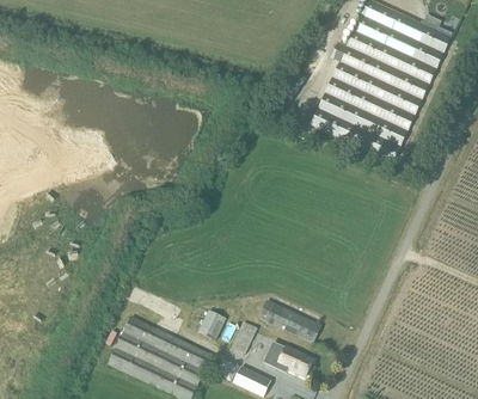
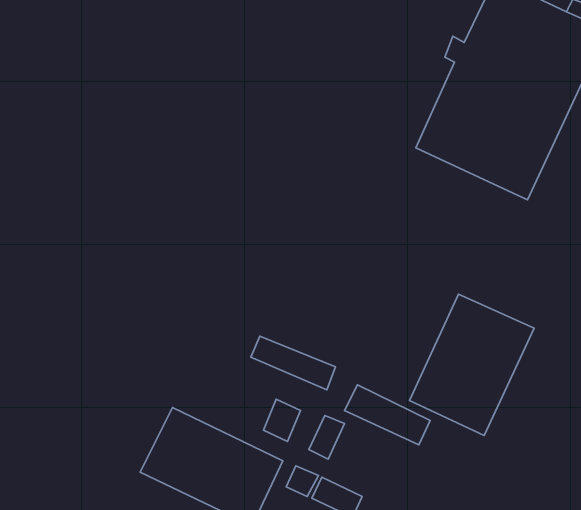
building: none -> [410,294,534,436]
building: none -> [251,336,336,390]
building: [264,340,313,375] -> none

